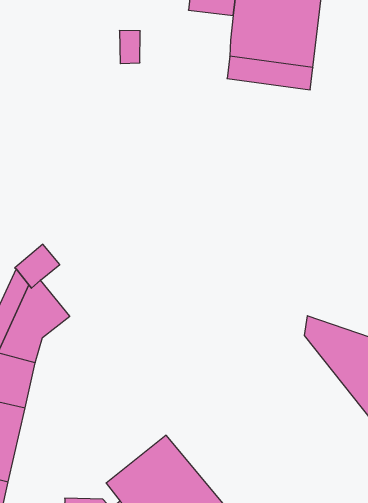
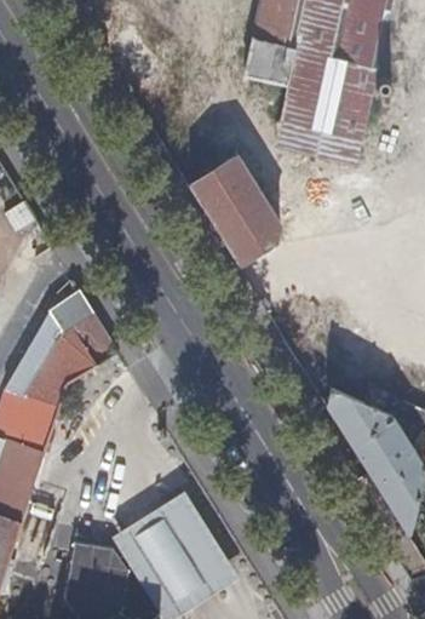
building: none -> [190,156,281,265]
building: none -> [71,313,117,365]

